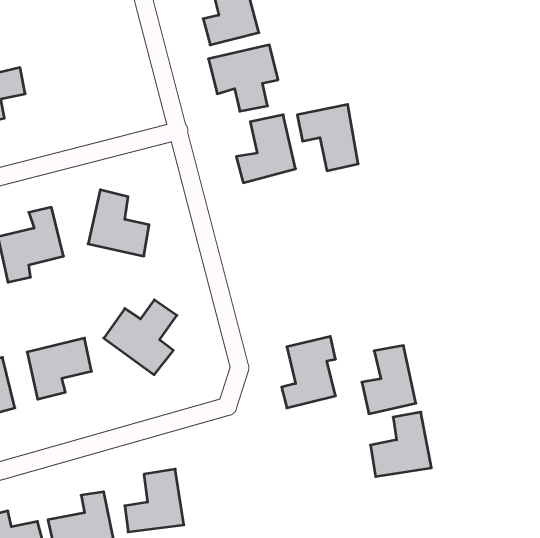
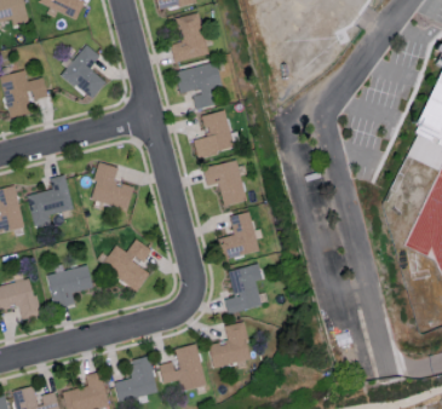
building: none -> [62,44,105,98]
building: [297,104,358,171] -> [202,160,245,206]
building: [362,346,416,414] -> [220,212,258,259]
building: [370,412,431,477] -> [208,322,251,367]
building: none -> [159,344,206,391]

